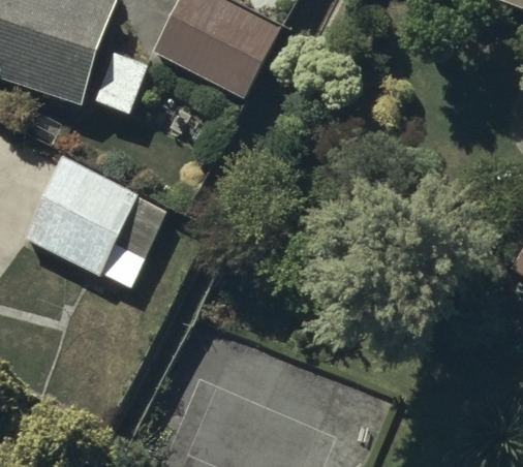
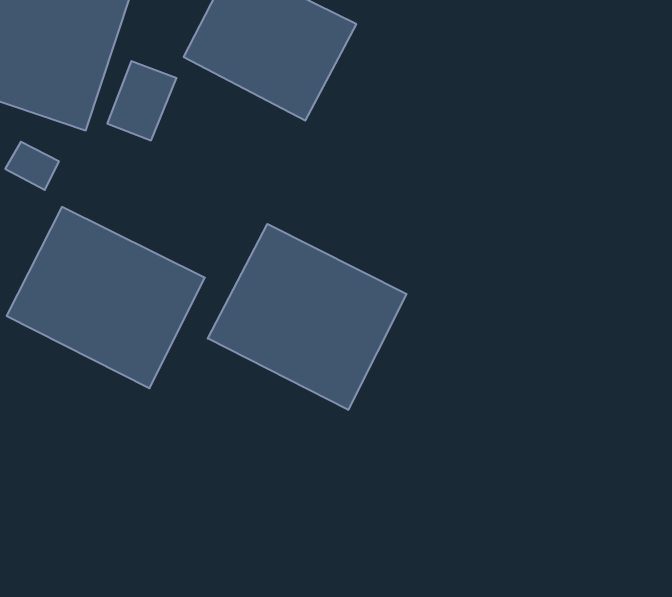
building: none -> [208,224,407,410]

